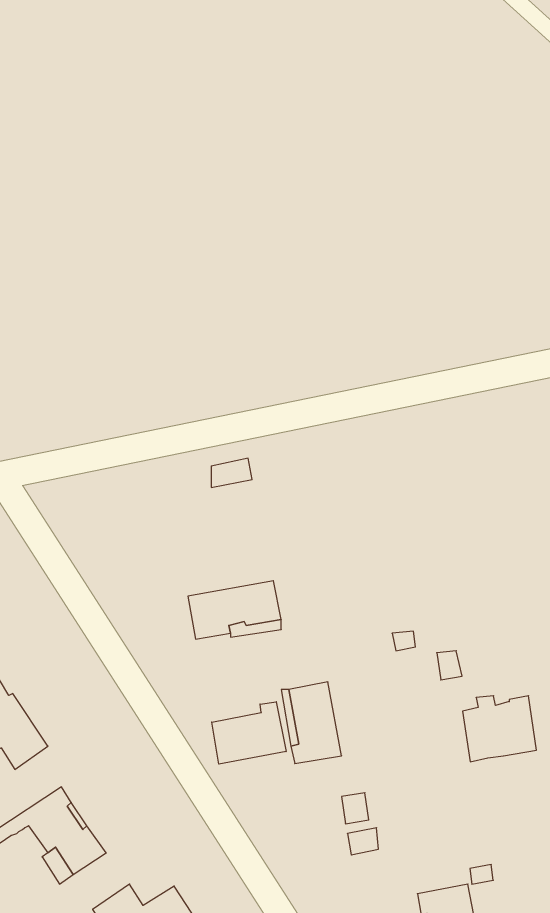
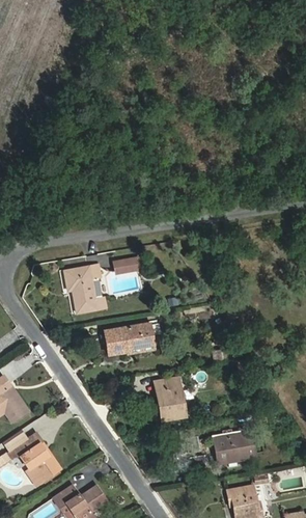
building: none -> [64,265,106,312]
building: [463,696,536,762] -> [215,429,254,464]
building: [212,702,286,764] -> none

